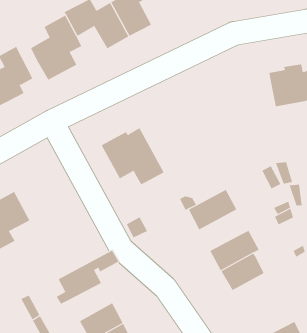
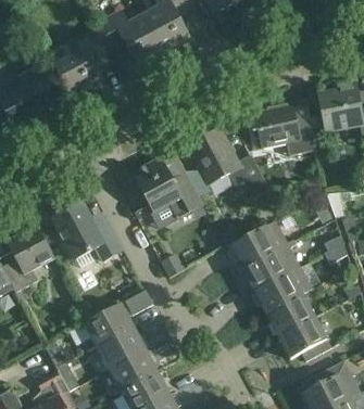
building: none -> [249,104,316,154]
building: none -> [186,127,268,197]
building: none -> [51,201,124,266]
building: none -> [241,245,297,291]
building: none -> [278,316,327,359]
building: none -> [97,327,146,369]

